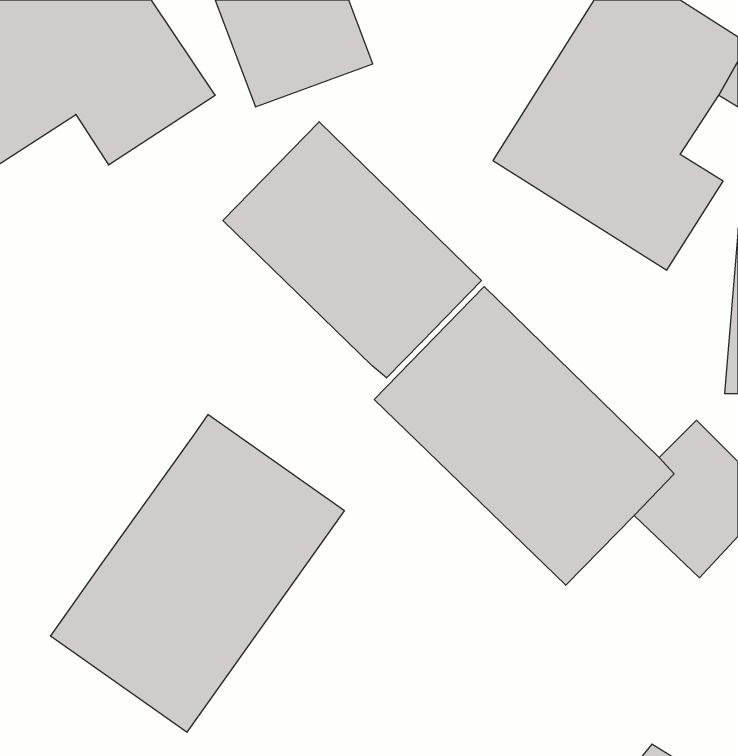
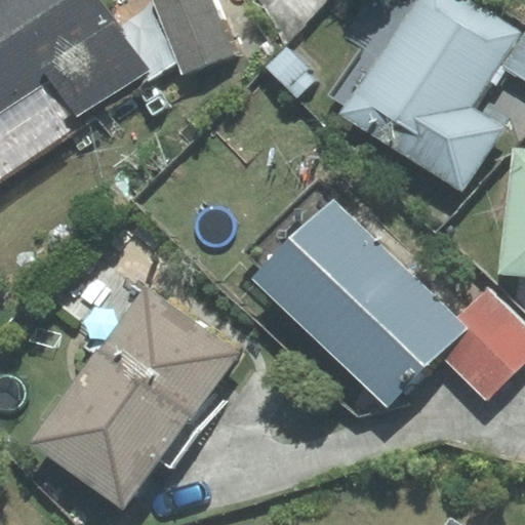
building: [223,122,481,378] -> none

